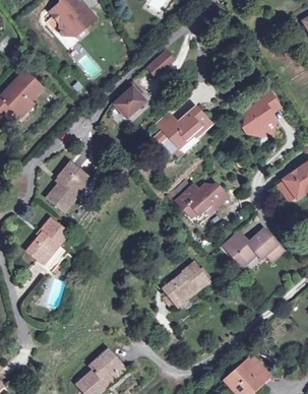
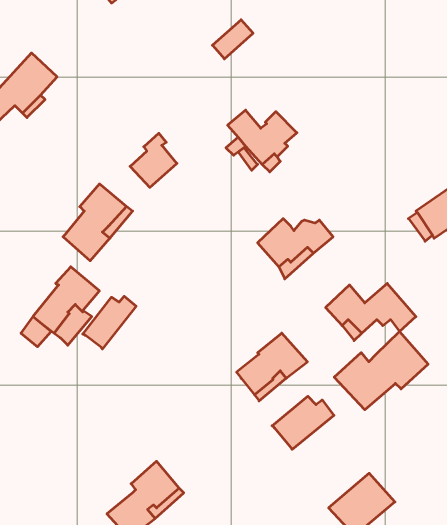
building: [114,80,145,117] -> [130,133,177,187]
building: [244,89,278,136] -> none
building: none -> [83,296,136,349]
building: none -> [334,332,428,410]
building: none -> [272,396,334,449]

